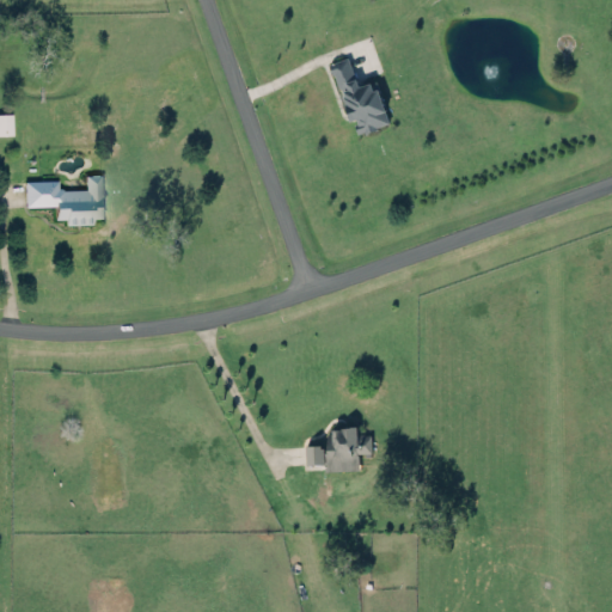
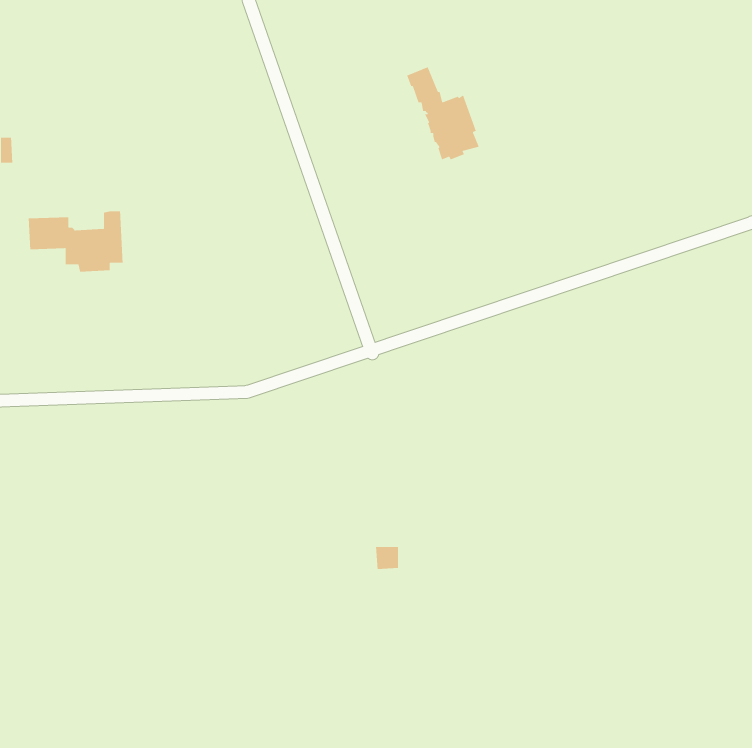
building: [326,430,372,473] -> none

